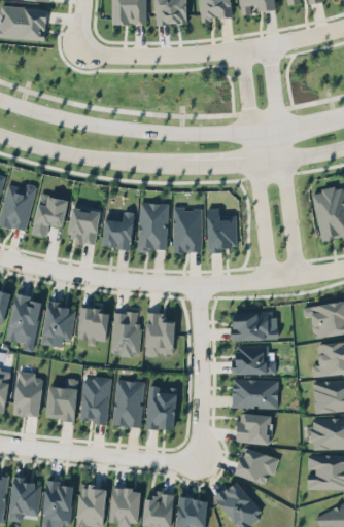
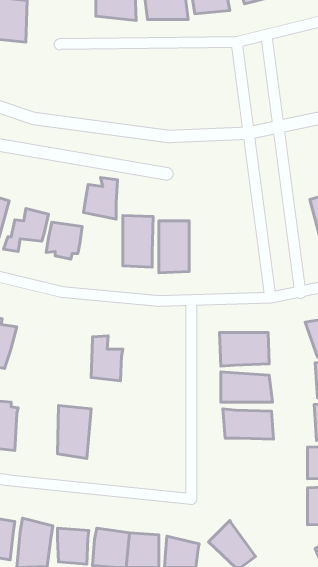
building: [205,210,237,251] -> none
building: [102,212,133,250] -> [84,178,117,219]
building: [38,302,74,350] -> none
building: [79,307,108,345] -> none
building: [143,314,176,353] -> none
building: [44,379,74,423] -> none
building: [111,382,143,428] -> none
building: [143,386,178,433] -> none
building: [234,417,274,448] -> none
building: [236,450,274,487] -> none

